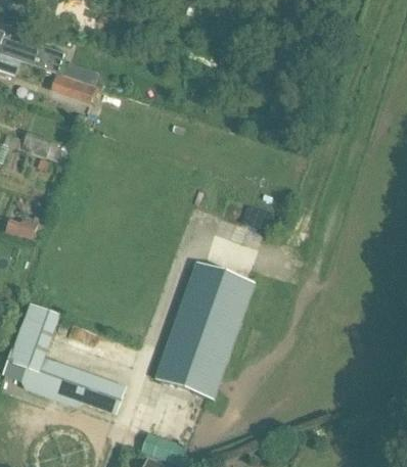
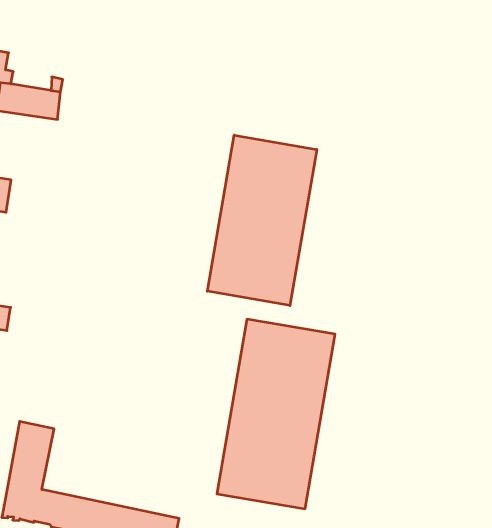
building: none -> [207,135,317,306]

